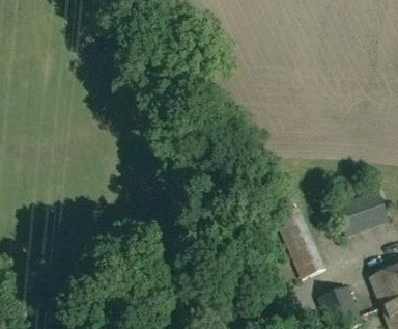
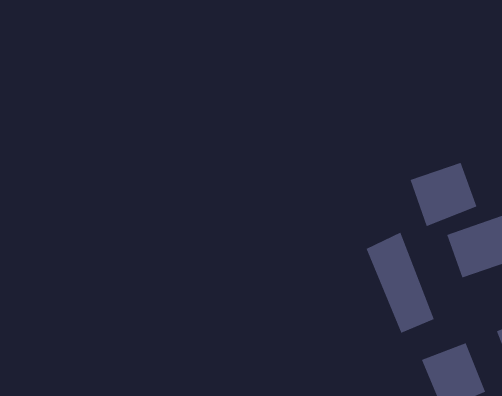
building: none -> [410,162,477,227]

